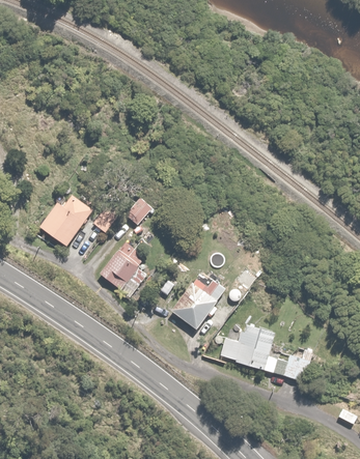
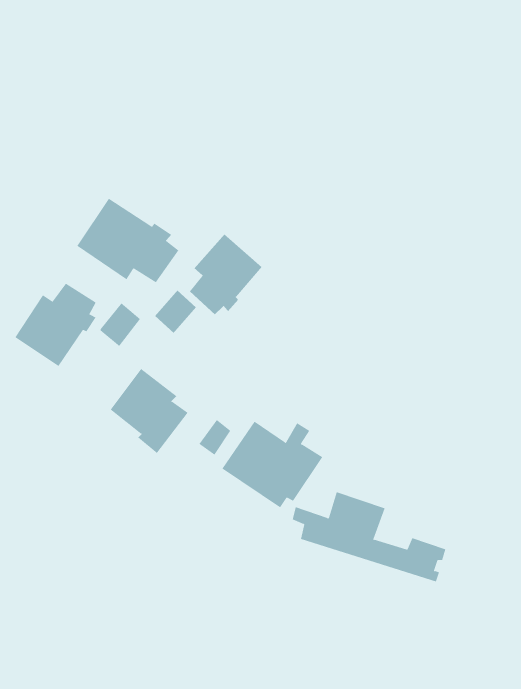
building: none -> [77,198,179,283]
building: none -> [189,234,262,315]

